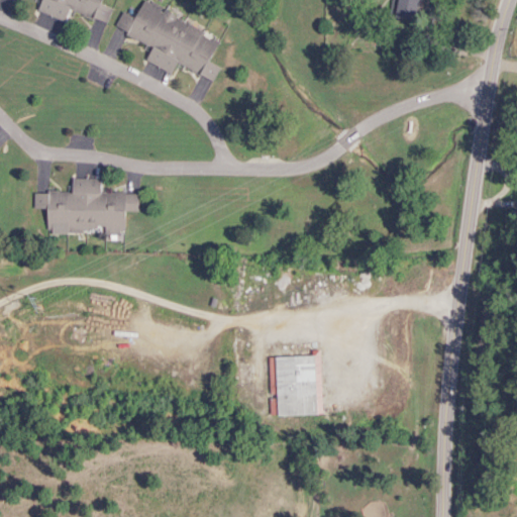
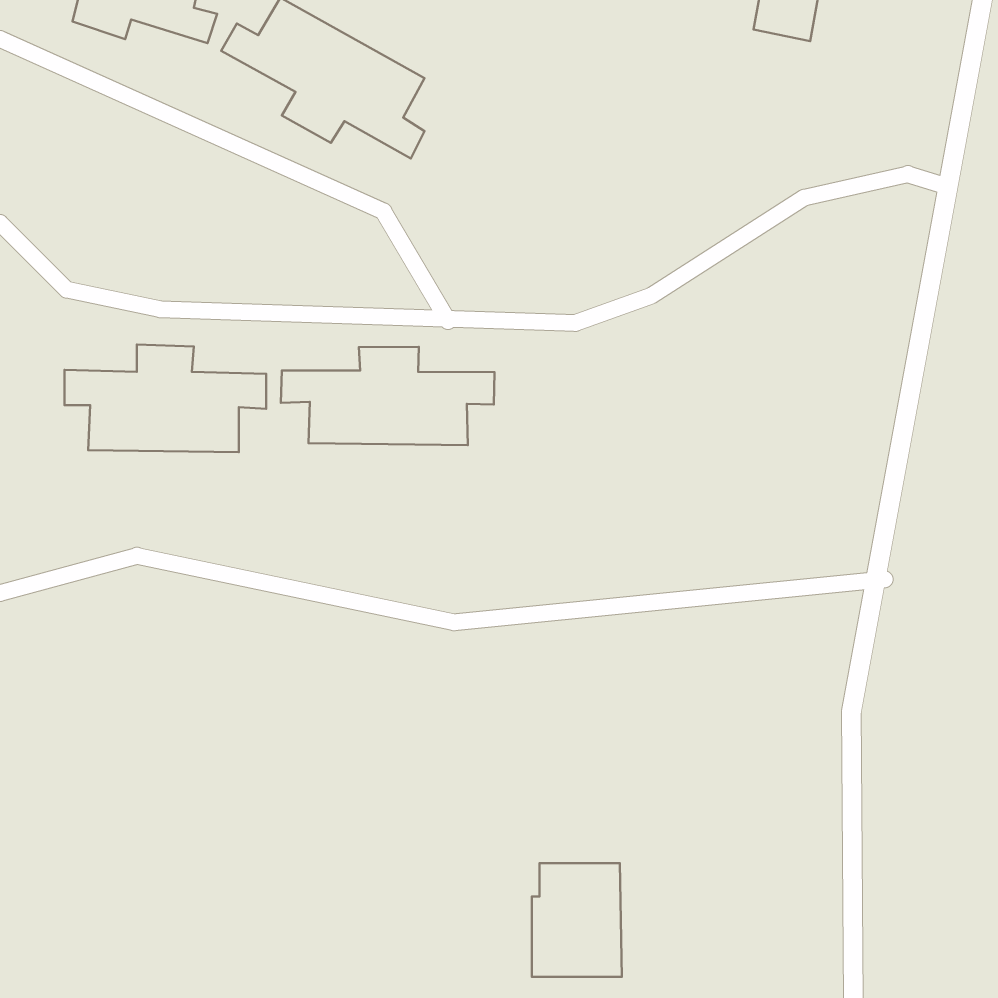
building: none -> [281,347,495,445]
building: [270,356,316,415] -> [532,863,622,977]

